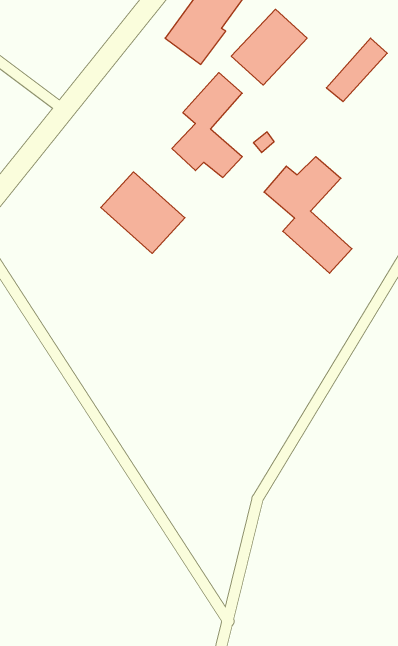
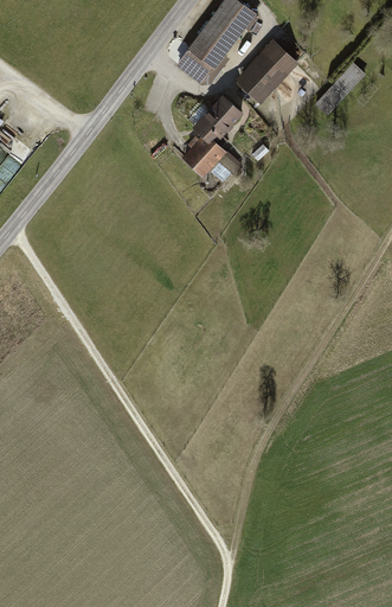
building: [264,157,352,273] -> none
building: [101,172,185,253] -> none

